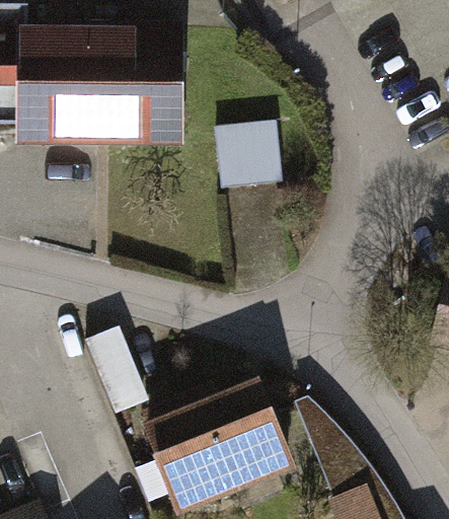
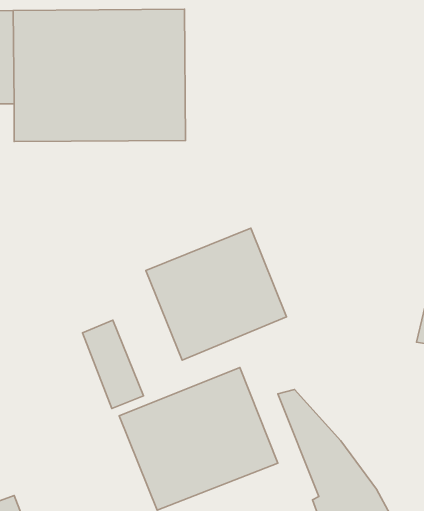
building: [225,122,288,190] -> none
building: none -> [146,228,287,360]

